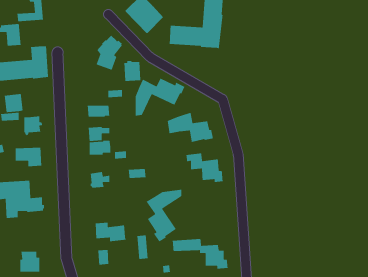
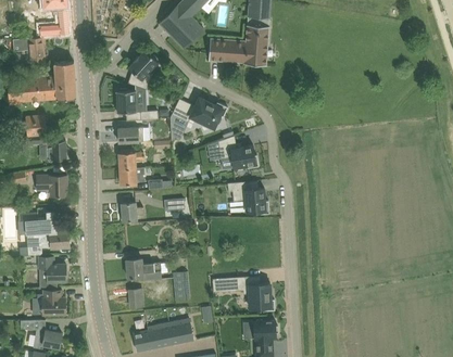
building: [123,60,141,82] -> [116,89,136,113]
building: [146,189,182,242] -> none
building: none -> [37,256,66,288]

